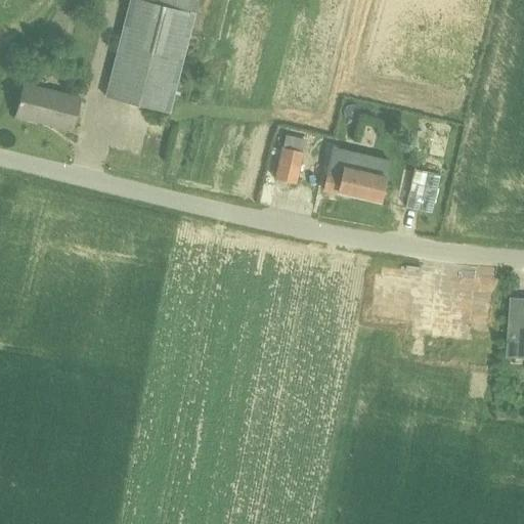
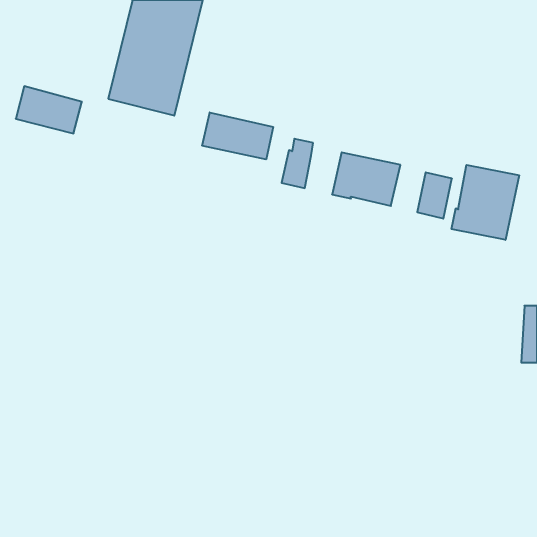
building: none -> [202,112,273,159]
building: none -> [452,165,519,240]

